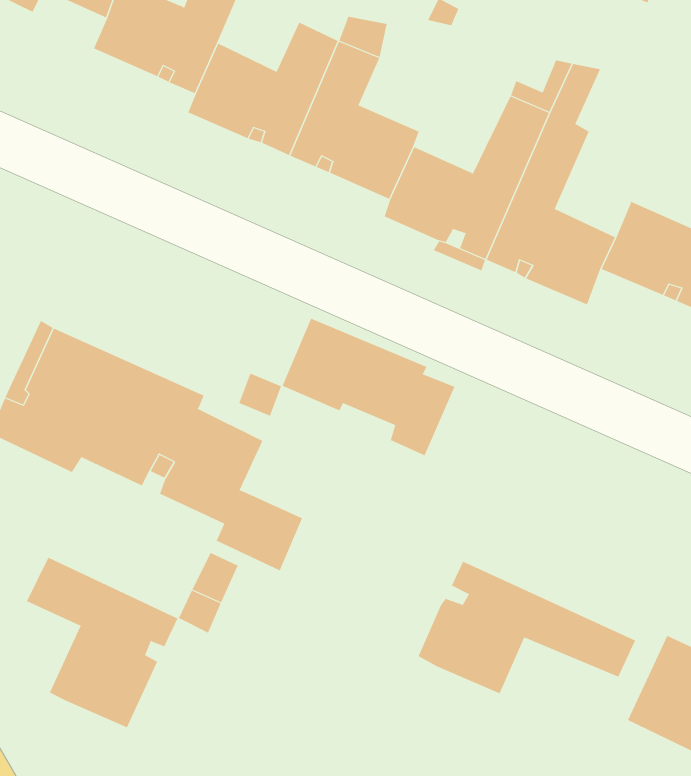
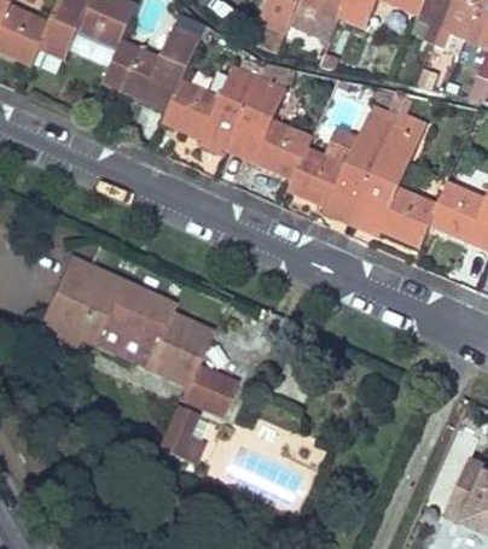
building: [282,318,455,456] -> none
building: [26,557,178,728] -> none
building: [418,561,636,694] -> none

